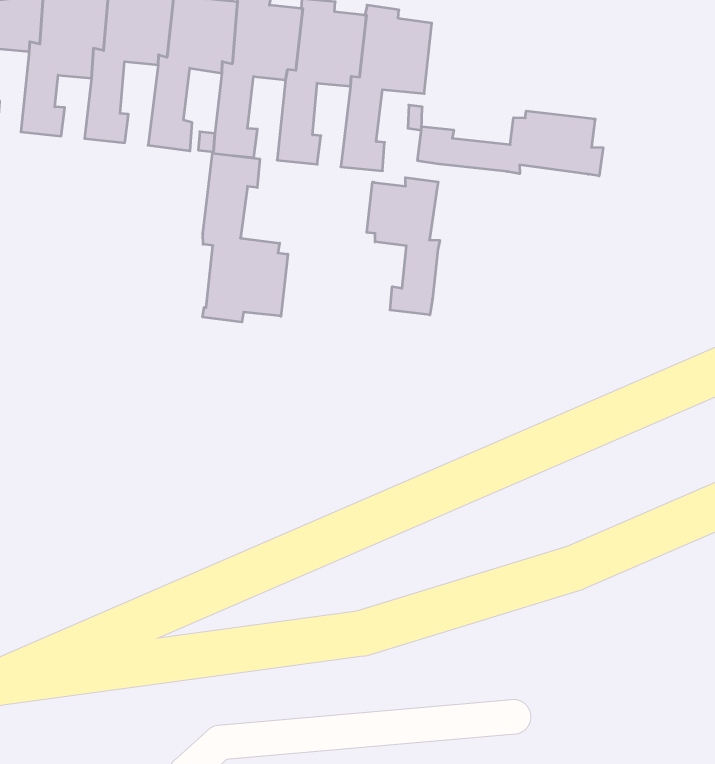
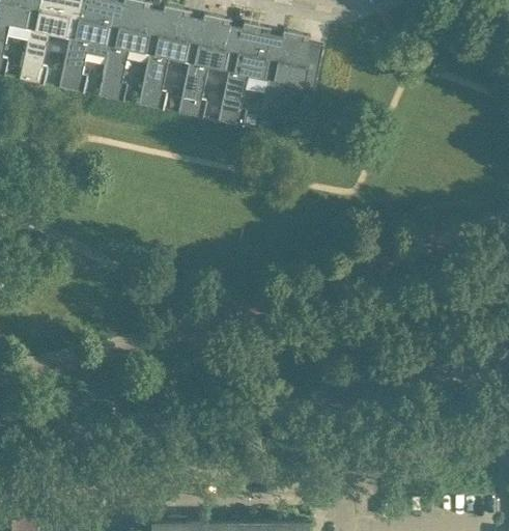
building: [418,111,603,176] -> none
building: [203,153,288,322] -> none
building: [367,178,440,315] -> none

